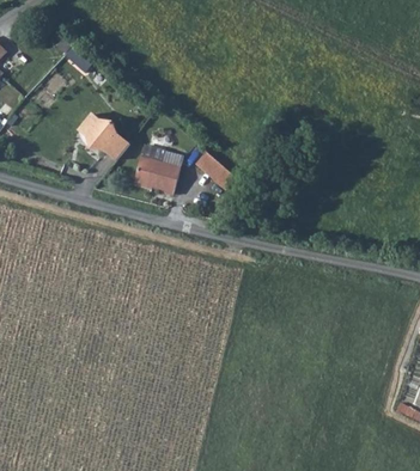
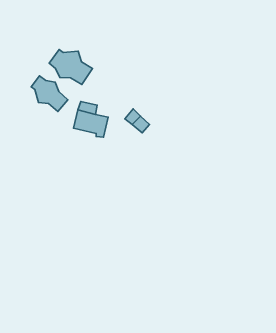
building: none -> [49,50,93,85]

